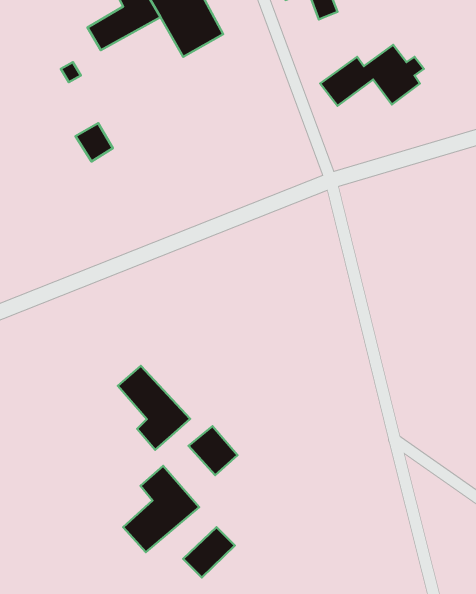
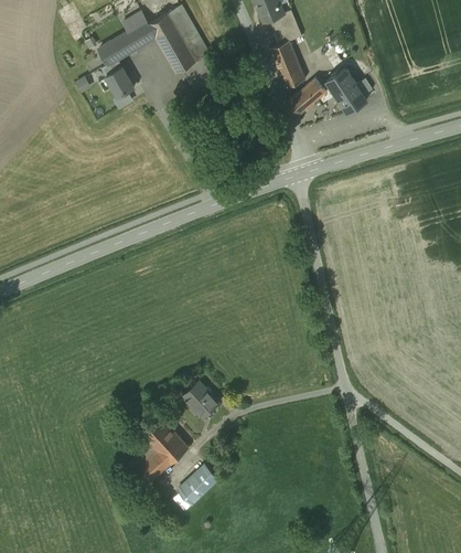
building: none -> [271,41,307,86]
building: [76,123,113,162] -> [104,67,135,99]
building: [118,366,190,450] -> none

